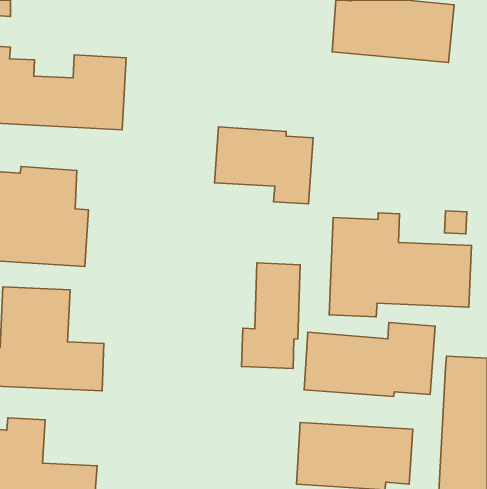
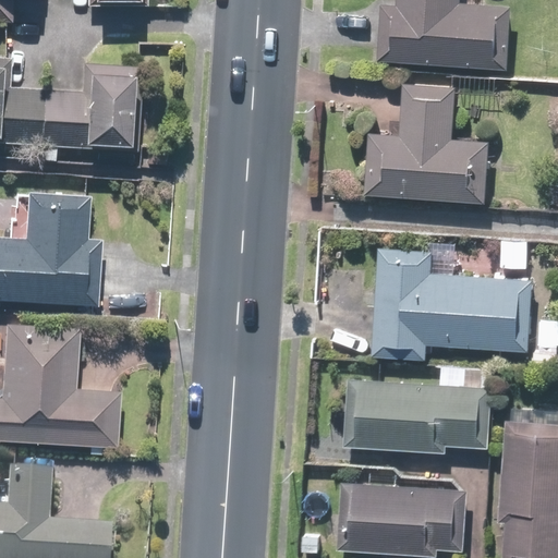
building: none -> [366,84,492,204]
building: [214,127,313,204] -> none
building: [242,263,300,369] -> none

